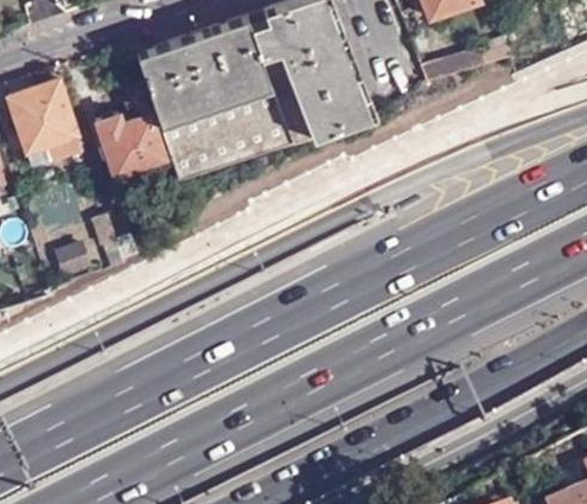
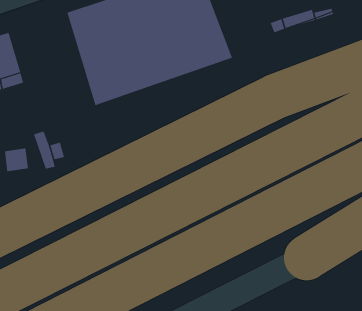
building: [97,113,165,174] -> none

